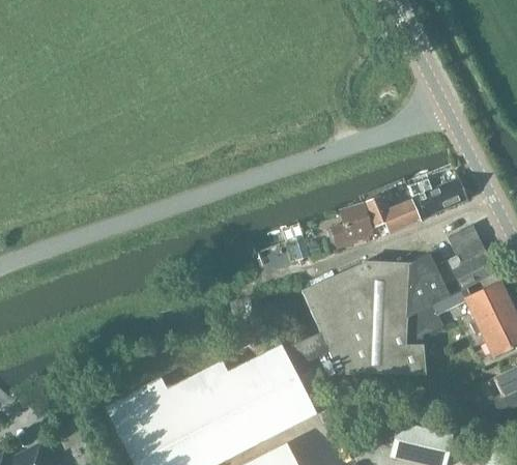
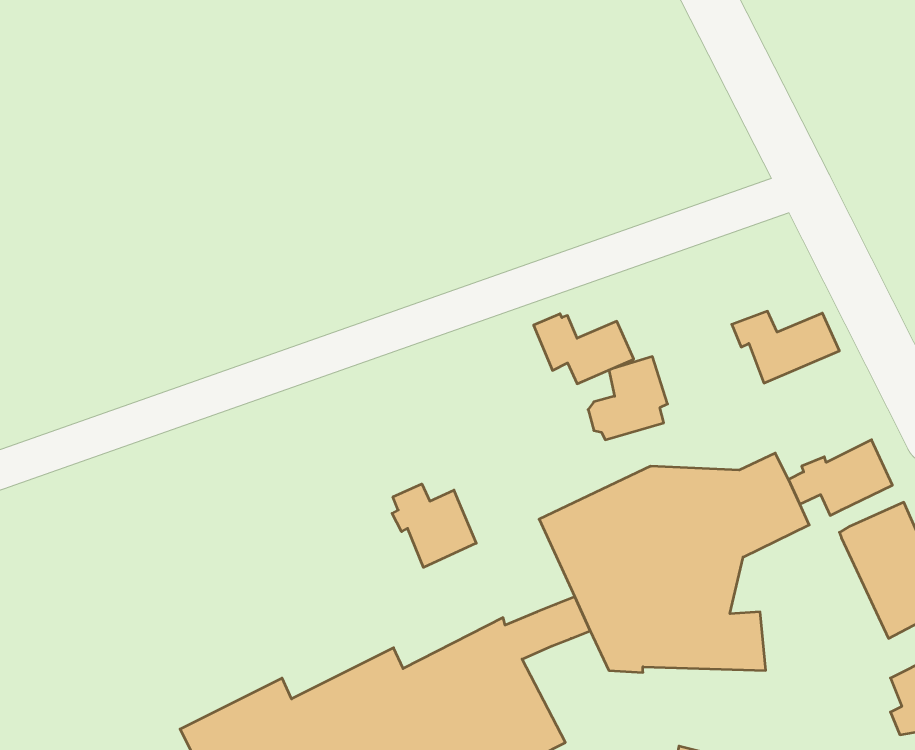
building: [366,195,421,233] -> [534,314,634,384]
building: [449,225,484,260] -> none
building: none -> [392,484,476,567]
building: [406,286,471,343] -> none

